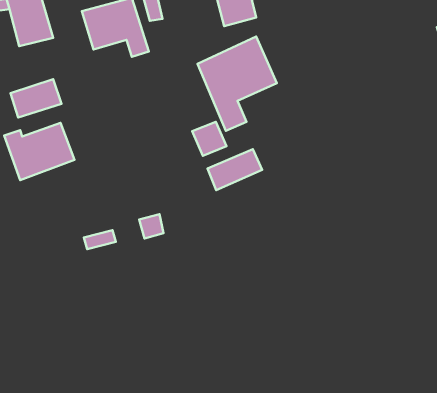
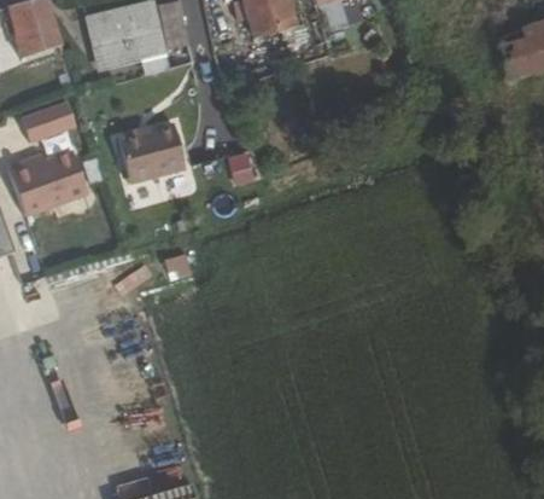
building: [197,36,277,131] -> none
building: none -> [118,121,186,181]
building: [208,149,262,190] -> none

